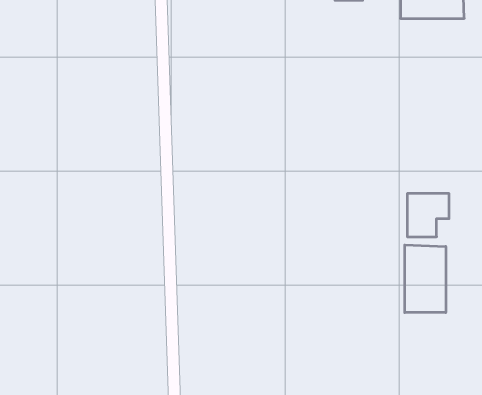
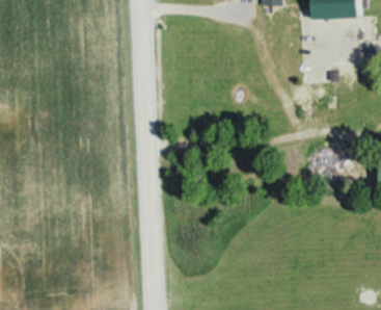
building: [405,245,446,313] -> none

